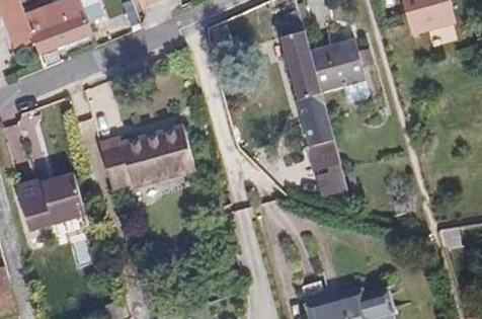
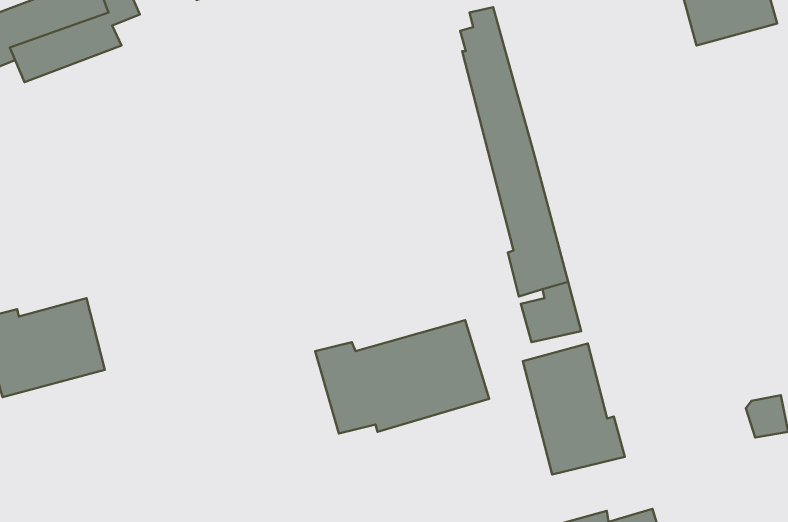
building: [309,39,371,102] -> none
building: [98,126,194,188] -> [315,320,489,434]
building: none -> [523,343,625,475]

